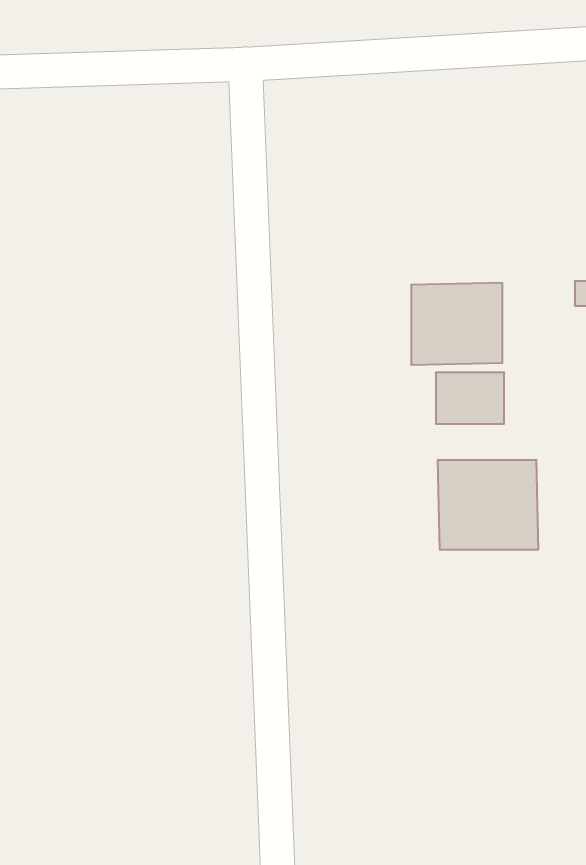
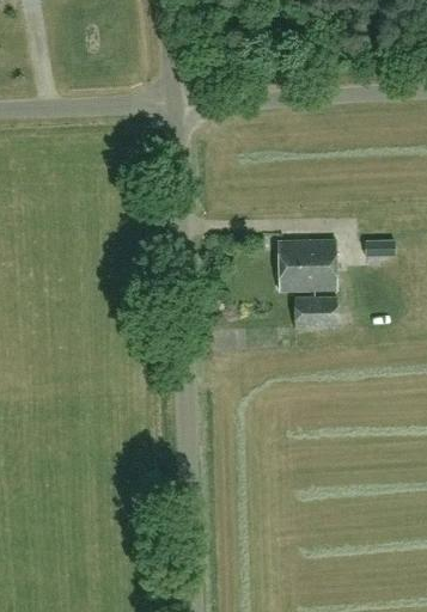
building: [438,460,538,550] -> none

